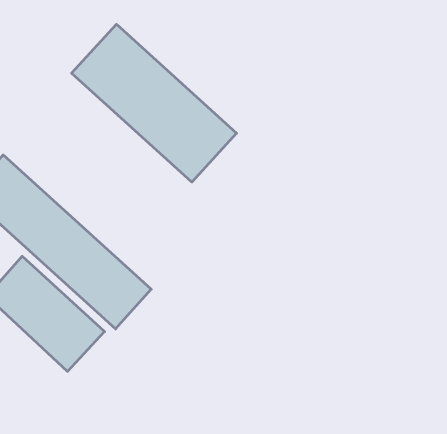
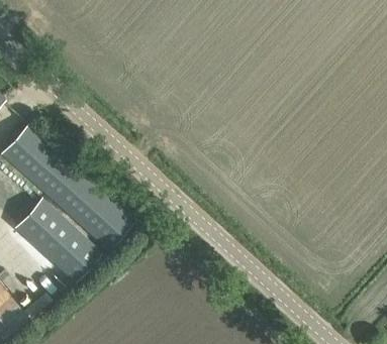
building: [72,24,237,182] -> none

